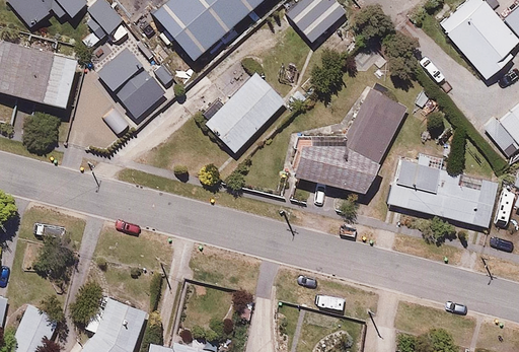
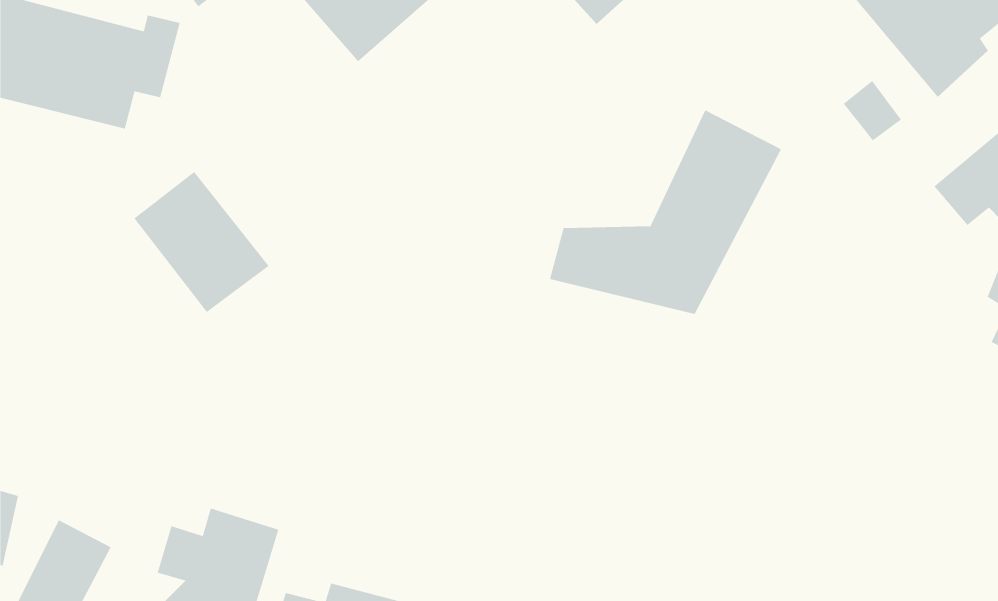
building: [101,43,171,116] -> [134,171,270,313]
building: [204,72,286,154] -> none
building: [388,154,502,231] -> none

